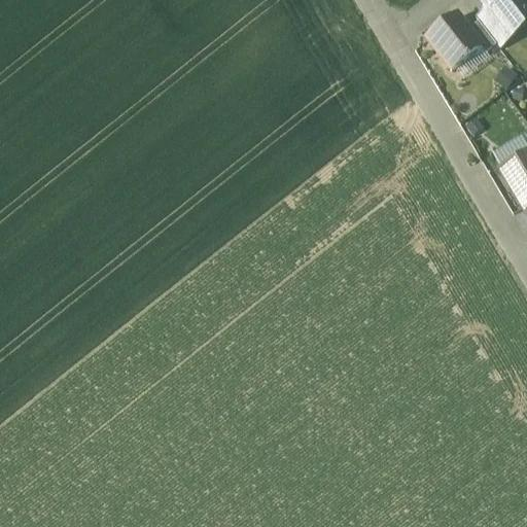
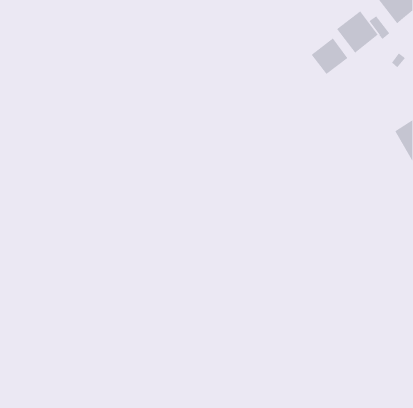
building: [476,8,515,45] -> none
building: none -> [311,38,349,75]

